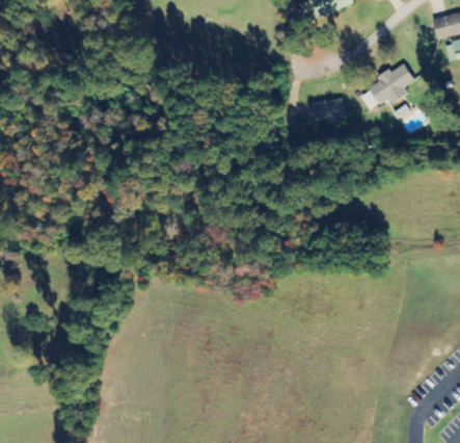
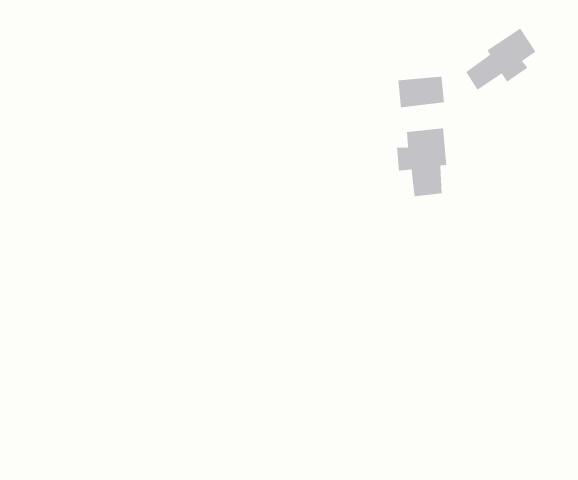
building: none -> [396,128,447,197]

